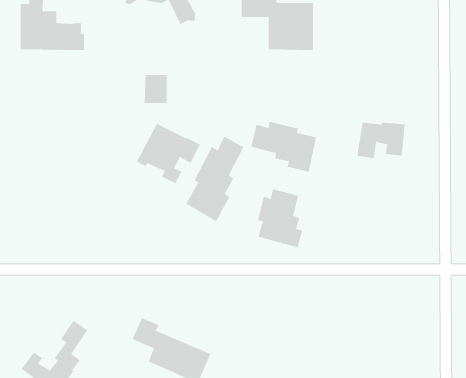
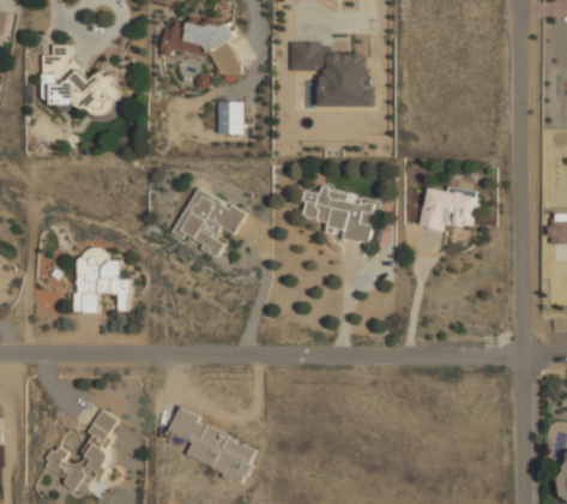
building: [144,75,167,103] -> [217,101,243,133]
building: [186,136,244,222] -> none
building: none -> [76,247,128,312]
building: [257,188,303,248] -> none

